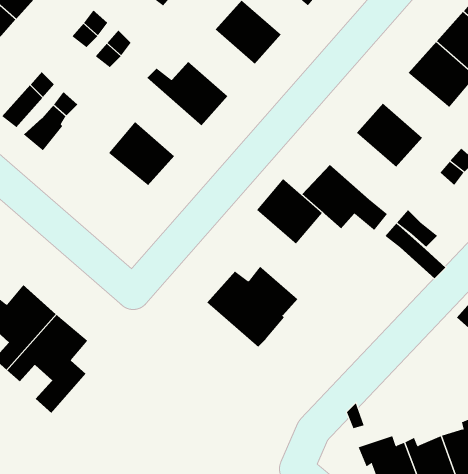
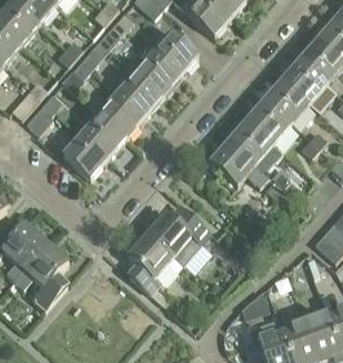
building: none -> [127,44,180,95]
building: none -> [265,80,310,123]
building: none -> [99,83,144,135]
building: none -> [63,133,109,178]
building: [256,178,323,245] -> [230,120,274,164]
building: none -> [128,233,182,292]

